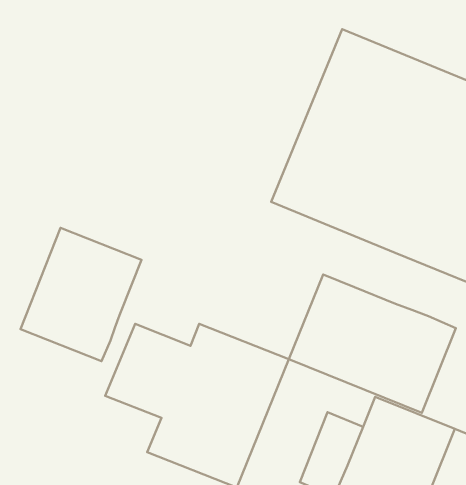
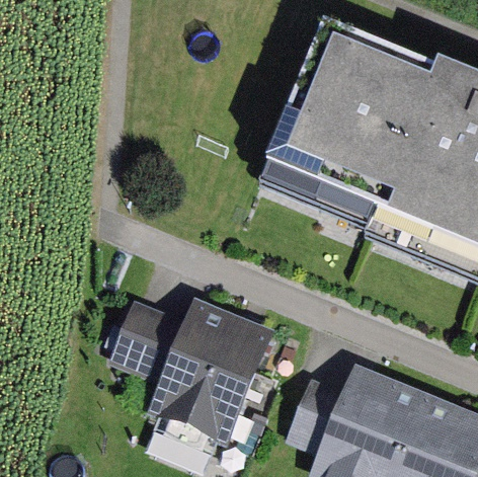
building: [20,228,141,361] -> none
building: [289,274,456,413] -> none

